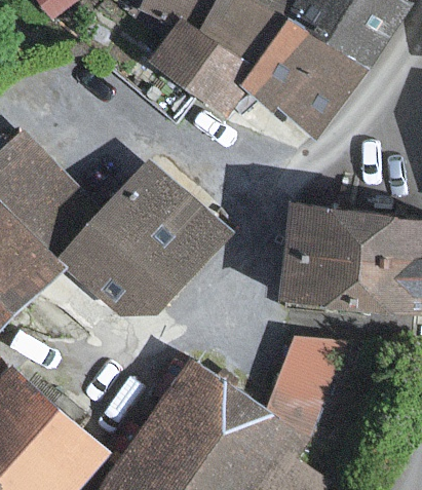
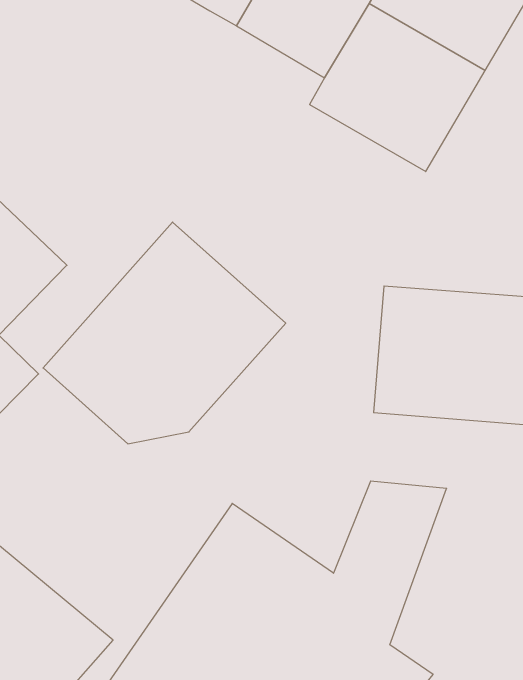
building: [153,20,255,106] -> none

